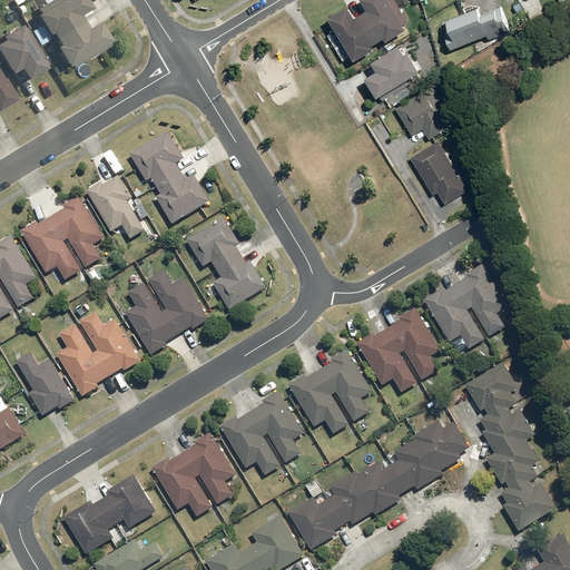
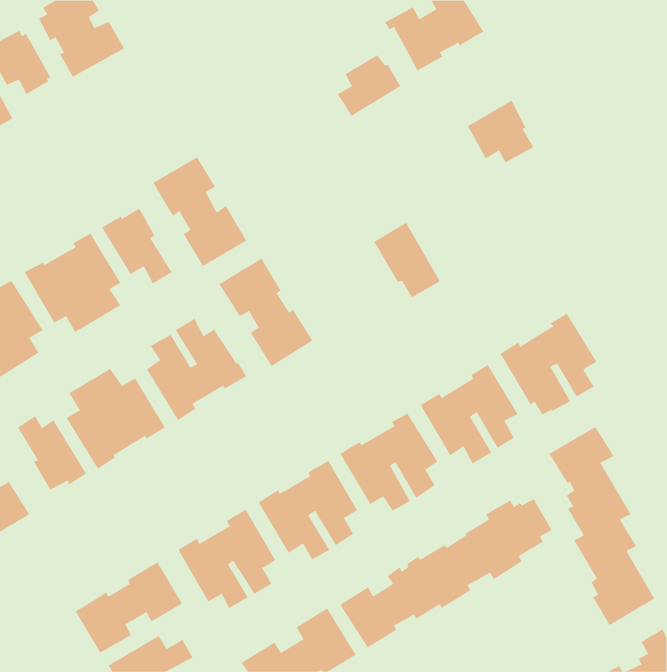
building: [444,6,509,49] -> none
building: [366,43,421,96] -> [337,55,401,116]
building: [411,140,468,205] -> [373,222,441,298]

